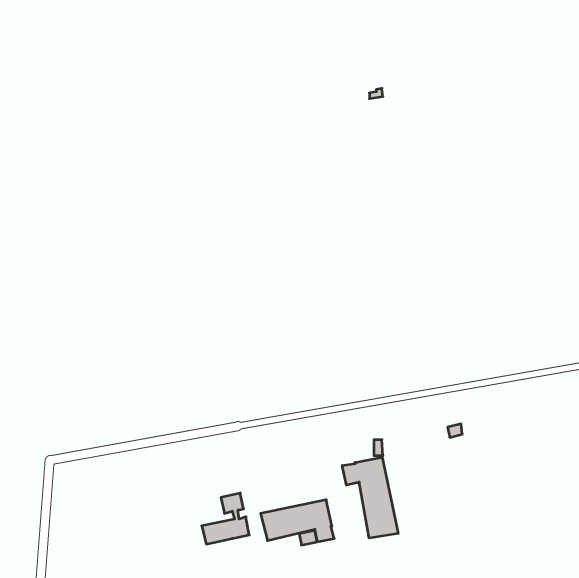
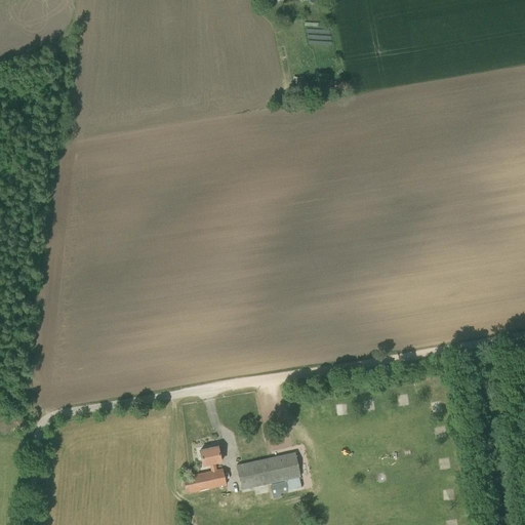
building: [342,457,398,538] -> none

